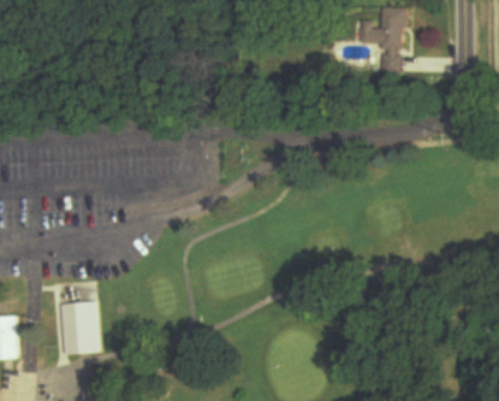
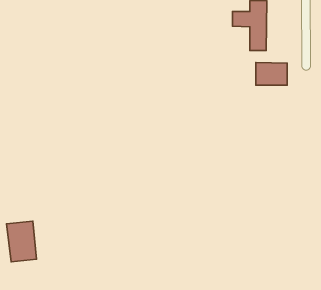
building: none -> [256,63,287,85]

